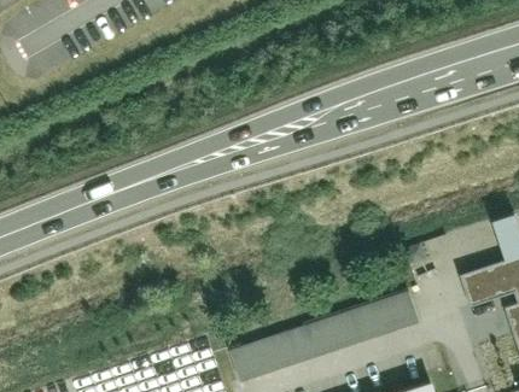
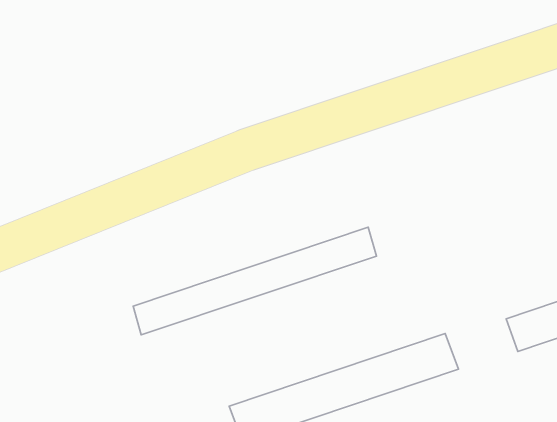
building: none -> [133,227,376,335]

